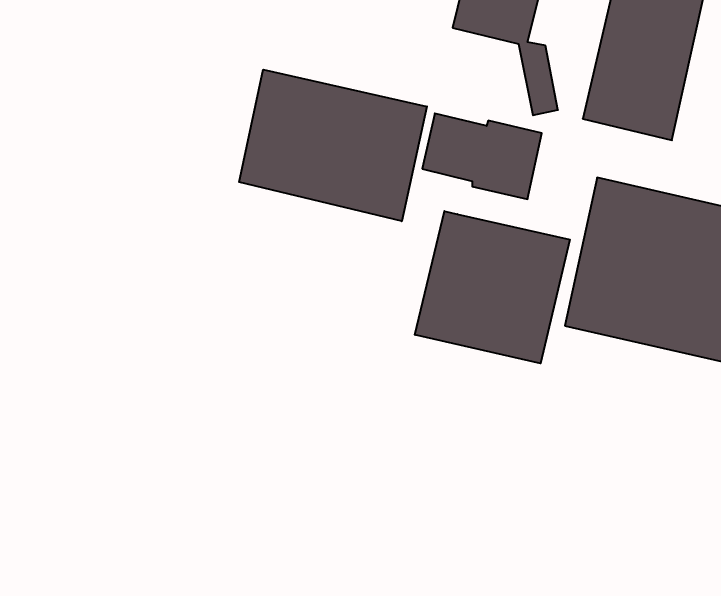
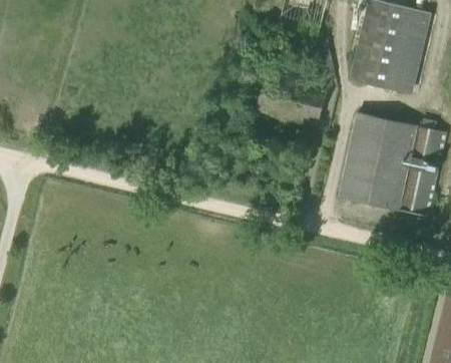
building: [239,70,427,221] -> none
building: [415,211,570,363] -> none

